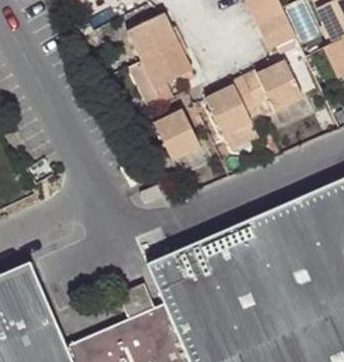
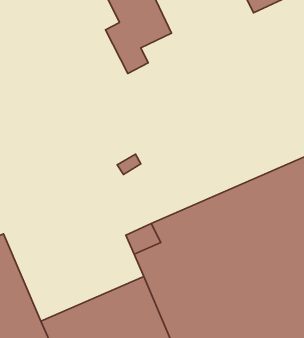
building: [205,59,302,149] -> none
building: [154,109,201,161] -> none

